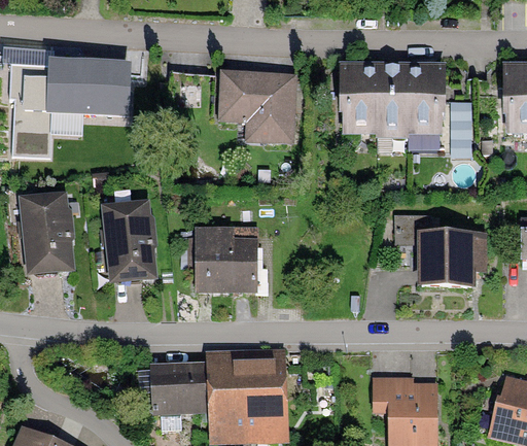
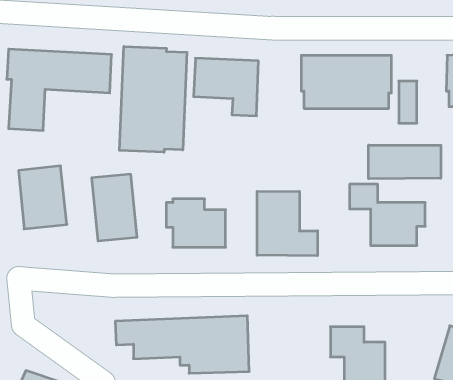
building: none -> [119,46,187,152]
building: none -> [369,145,441,179]
building: none -> [257,191,318,256]

